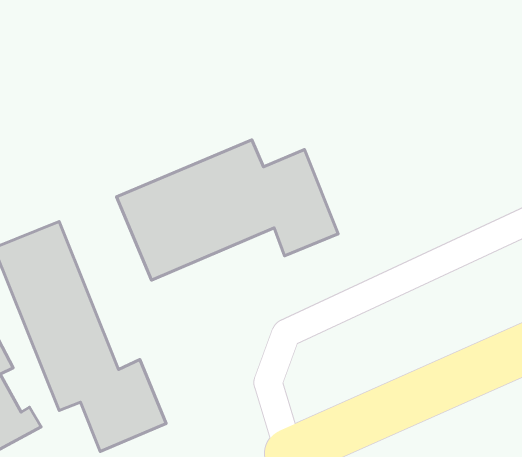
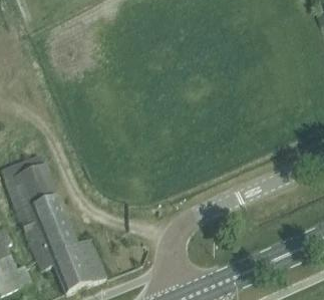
building: [117,140,338,280] -> none

